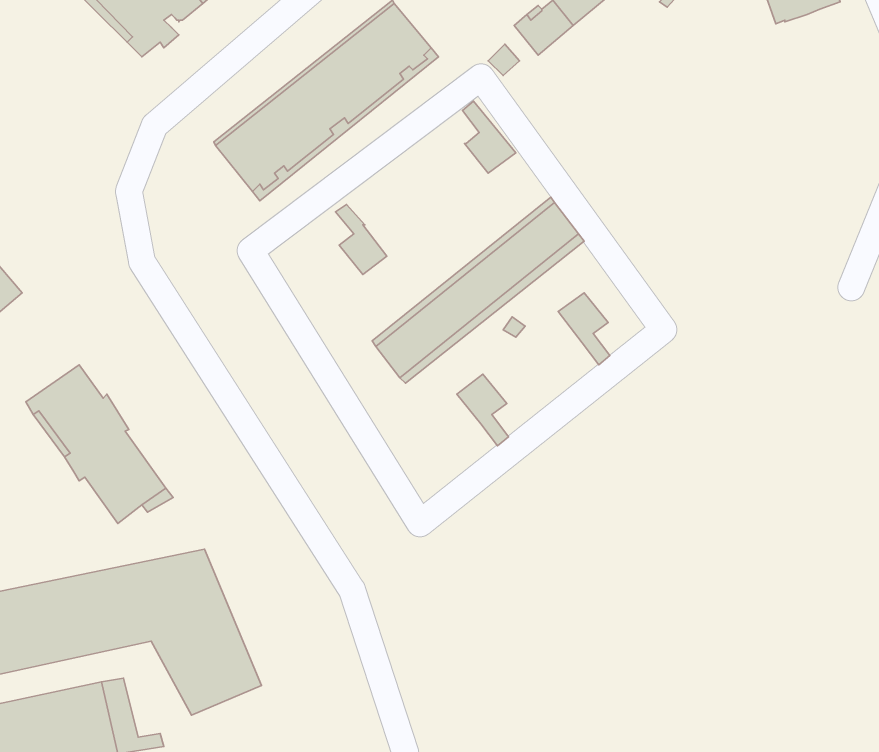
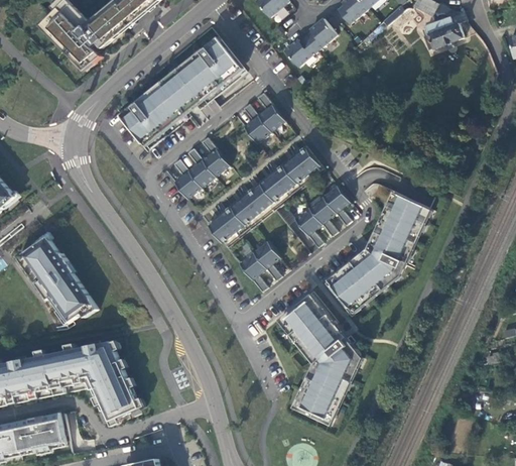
building: none -> [241,102,269,142]
building: none -> [200,135,228,176]
building: none -> [172,157,201,198]
building: none -> [321,184,350,224]
building: none -> [330,193,427,309]
building: none -> [293,206,321,246]
building: none -> [238,251,266,290]
building: none -> [283,299,359,419]

